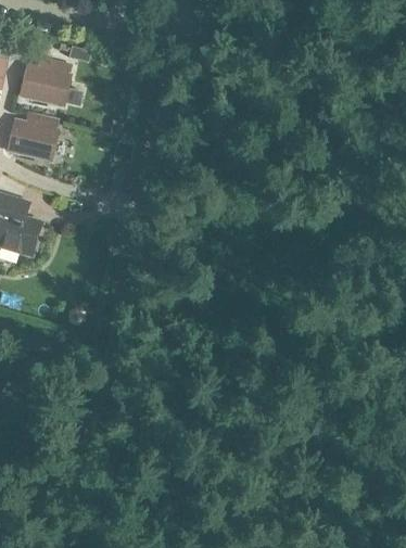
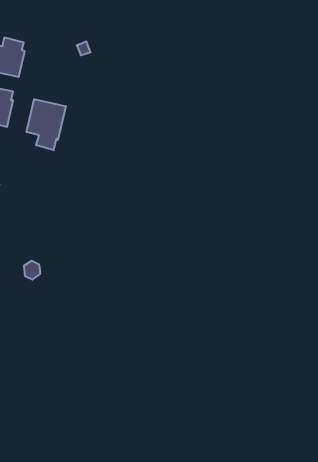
building: none -> [27,99,66,150]

